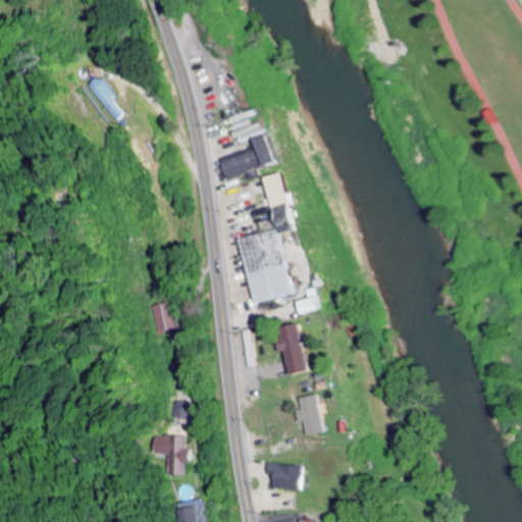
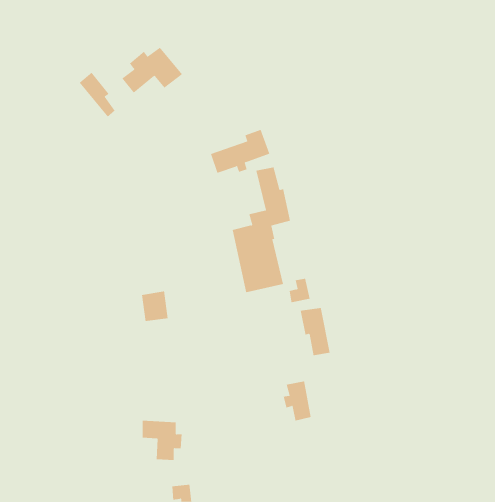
building: none -> [121,47,183,93]
building: [277,324,309,374] -> [300,308,330,356]
building: [263,464,301,490] -> none

